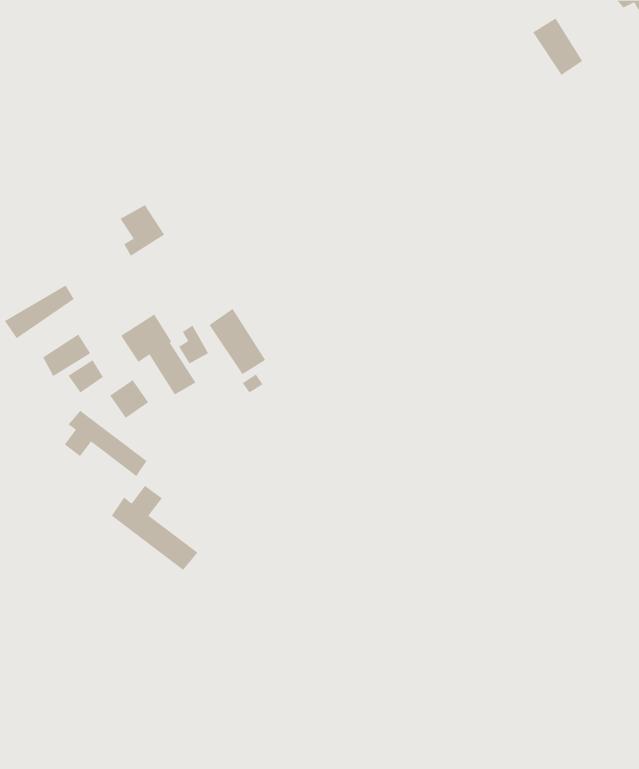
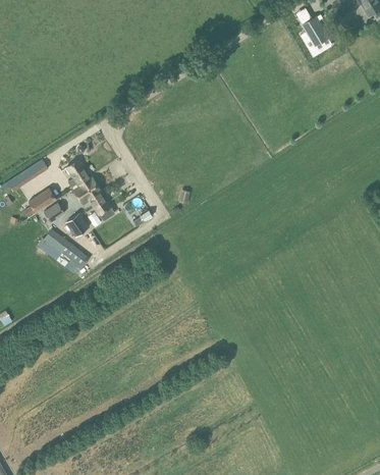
building: [120,204,165,257] -> [67,159,93,189]
building: [208,308,266,375] -> none
building: [111,485,199,571] -> none

